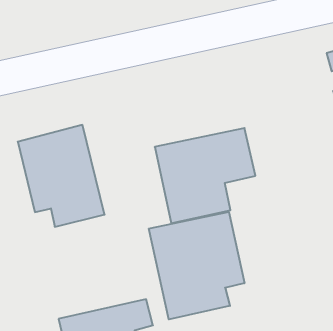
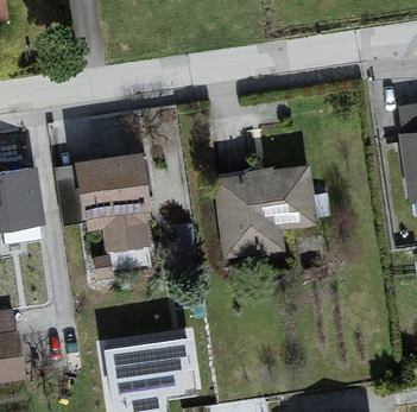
building: [149,212,244,319] -> none

